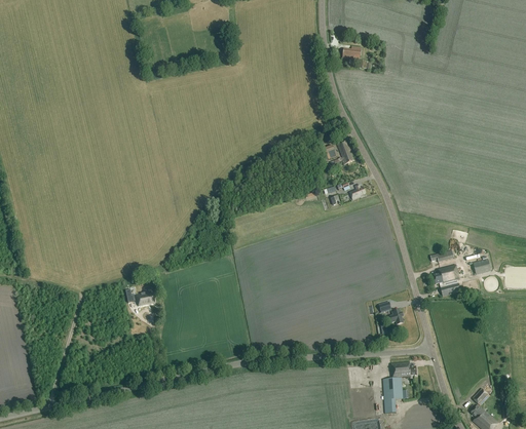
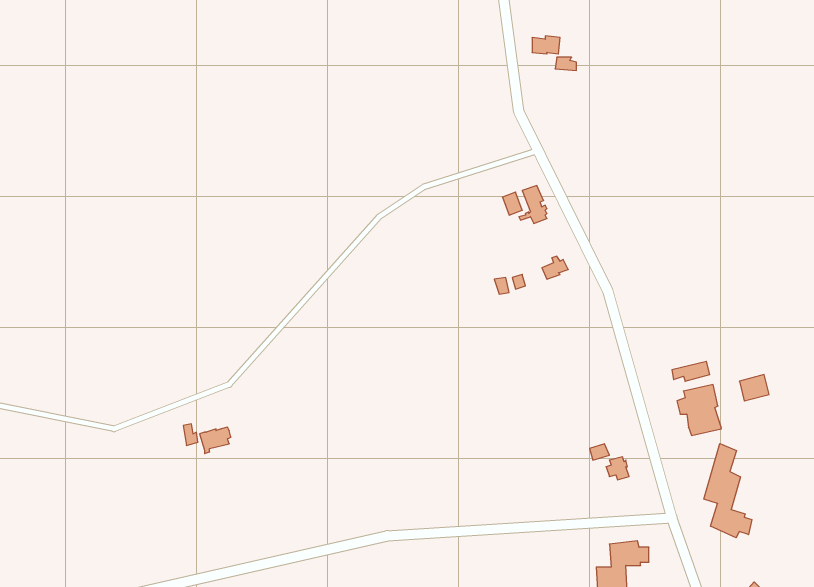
building: none -> [704,444,752,538]

